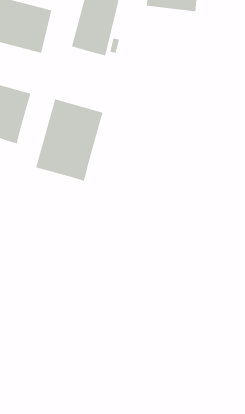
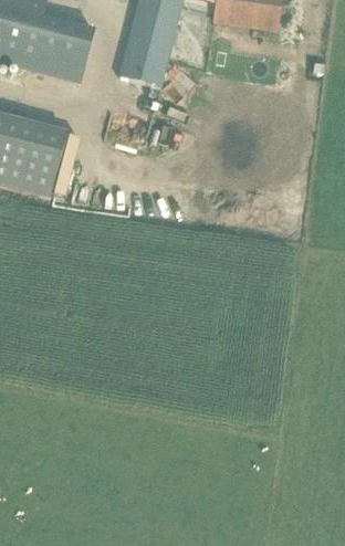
building: [36,99,103,181] -> none

